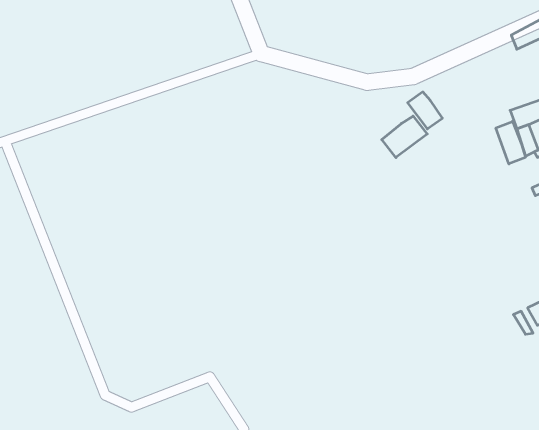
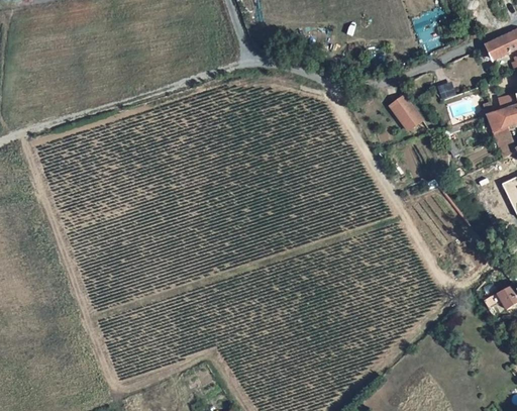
building: [382,116,427,158] -> none
building: [496,121,525,164] -> none

